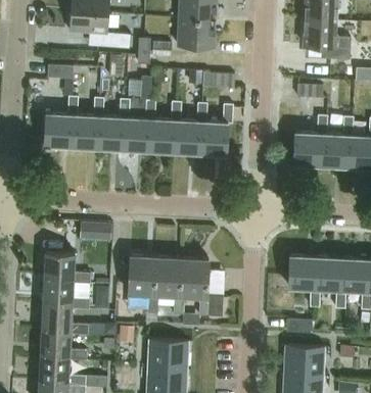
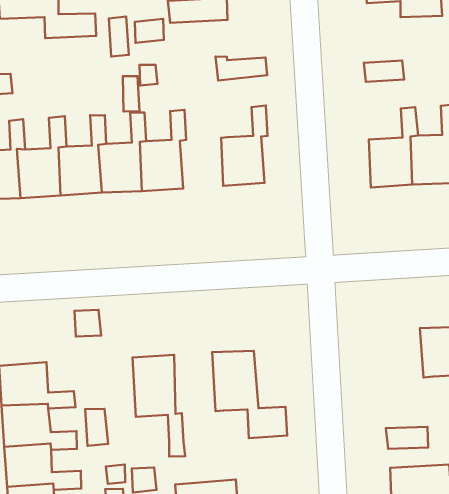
building: [174,103,206,153] -> none
building: [287,256,320,307] -> none
building: [153,257,184,314] -> none

